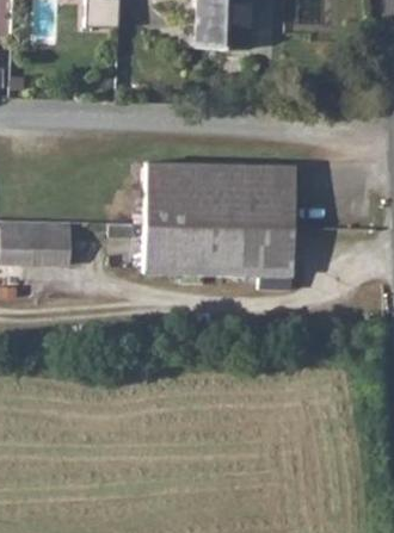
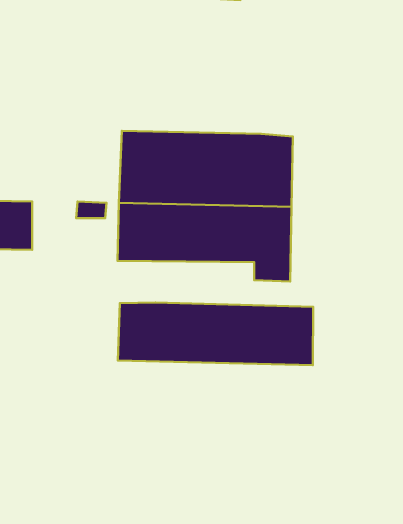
building: none -> [118,303,313,365]

